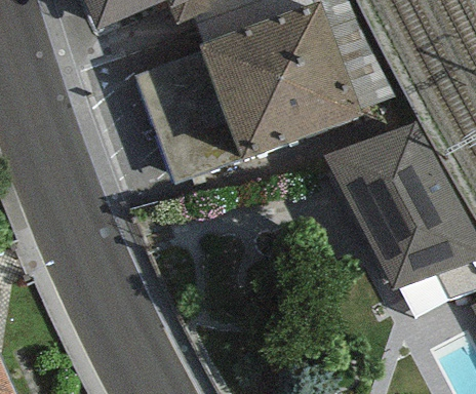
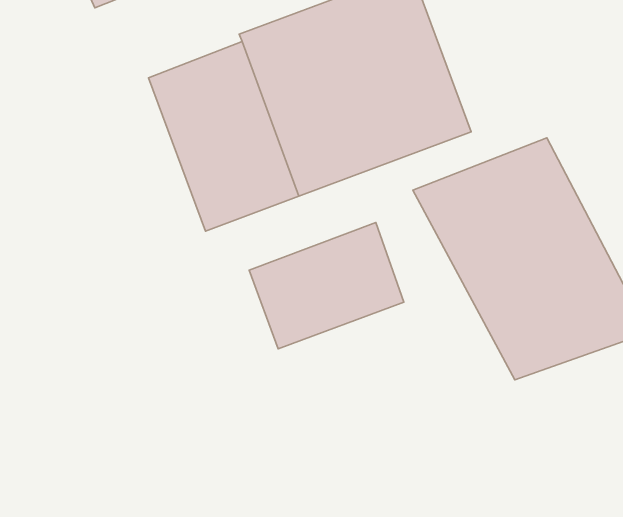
building: none -> [249,223,404,349]

